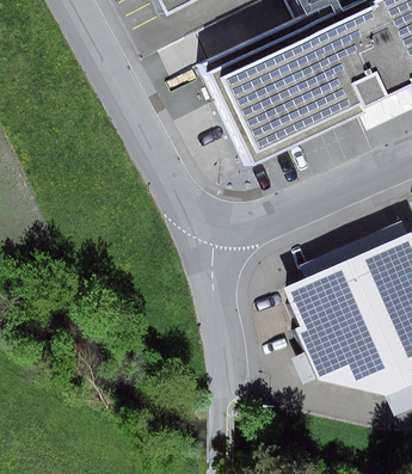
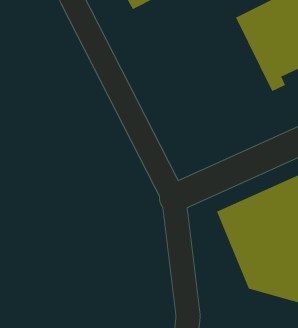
building: [210,30,346,168] -> none

